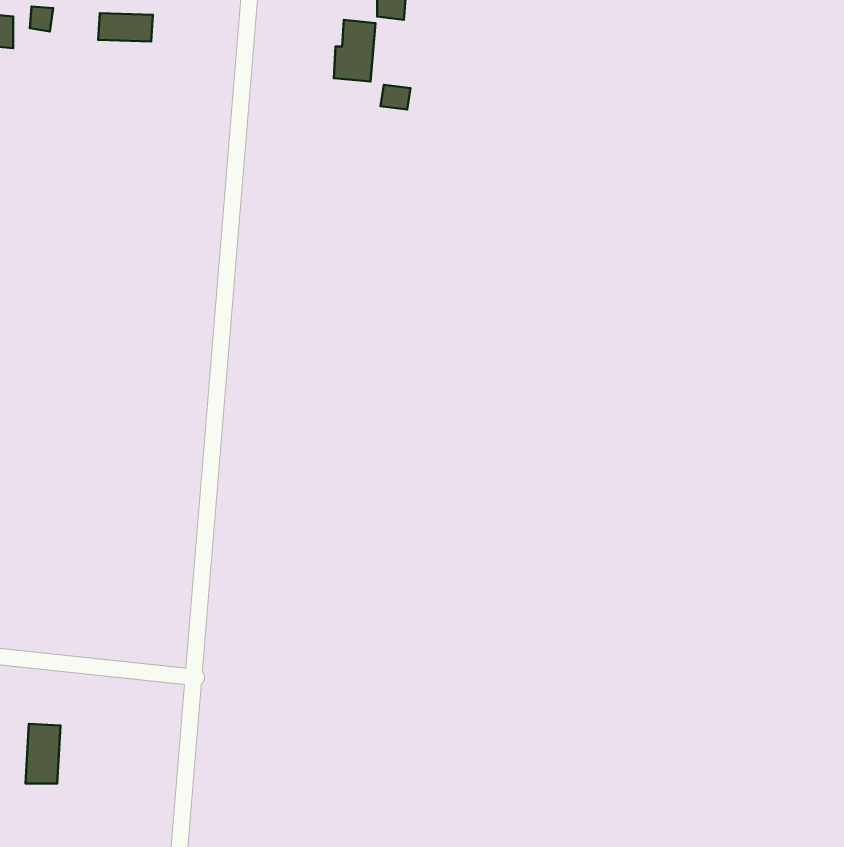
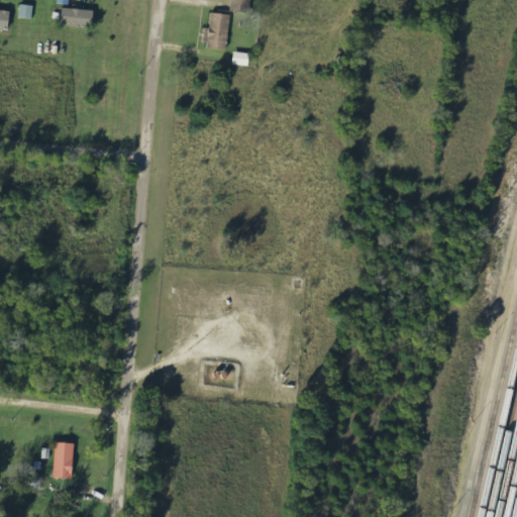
building: [26,724,60,783] -> [53,441,74,478]

